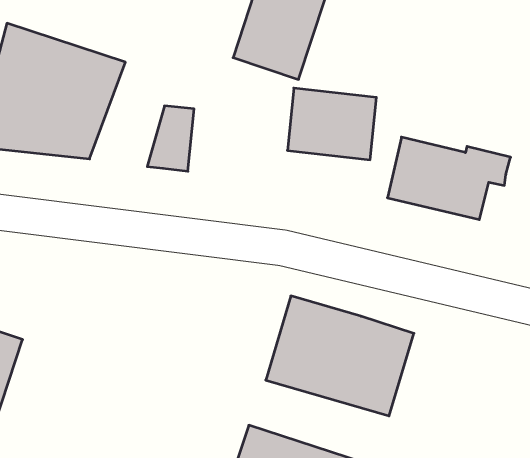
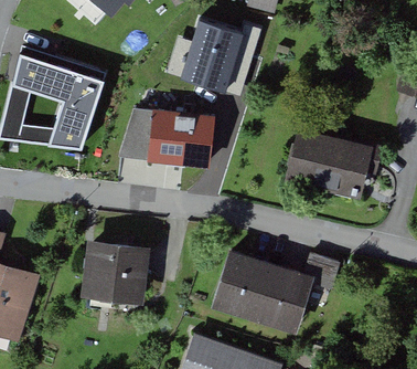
building: [287,88,376,160] -> [150,113,213,164]
building: none -> [88,244,145,298]

